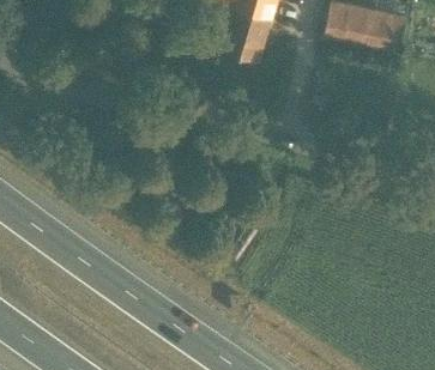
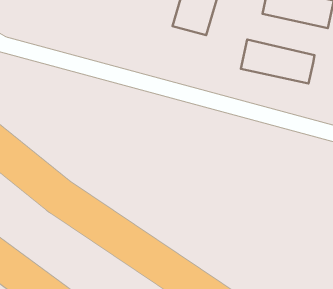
building: none -> [241,39,314,84]

